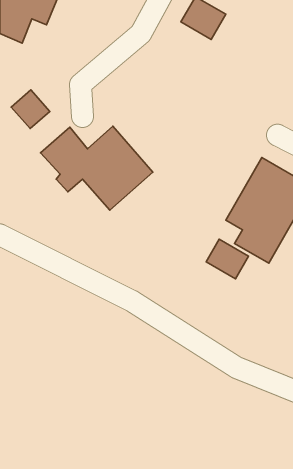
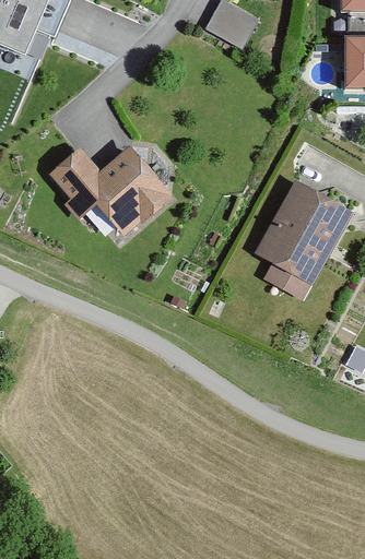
building: [11,90,50,129] -> none
building: [206,239,249,279] -> none

